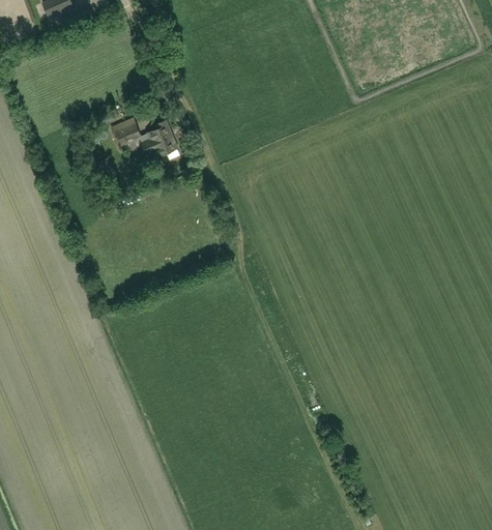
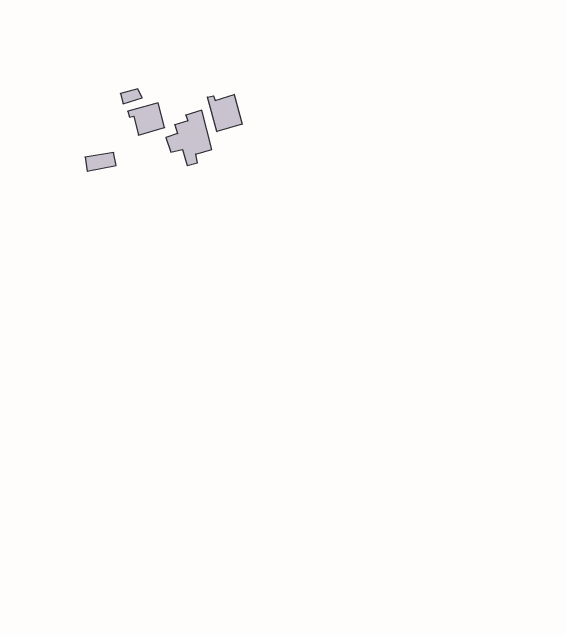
building: none -> [207,94,242,132]

